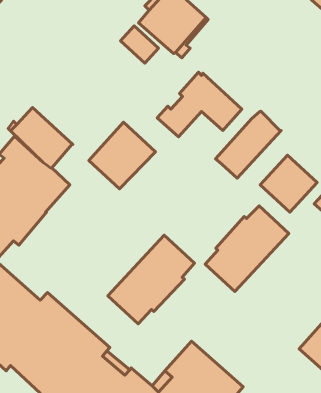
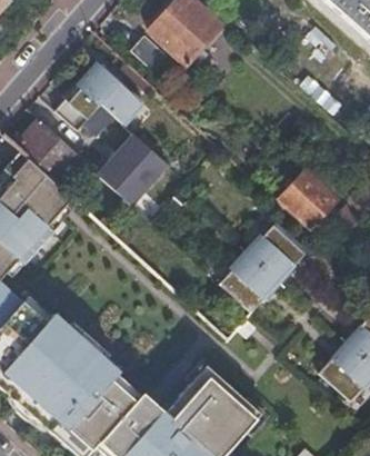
building: [157,72,242,137] -> [56,62,144,130]
building: [216,111,281,178] -> none
building: [108,235,195,324] -> none

